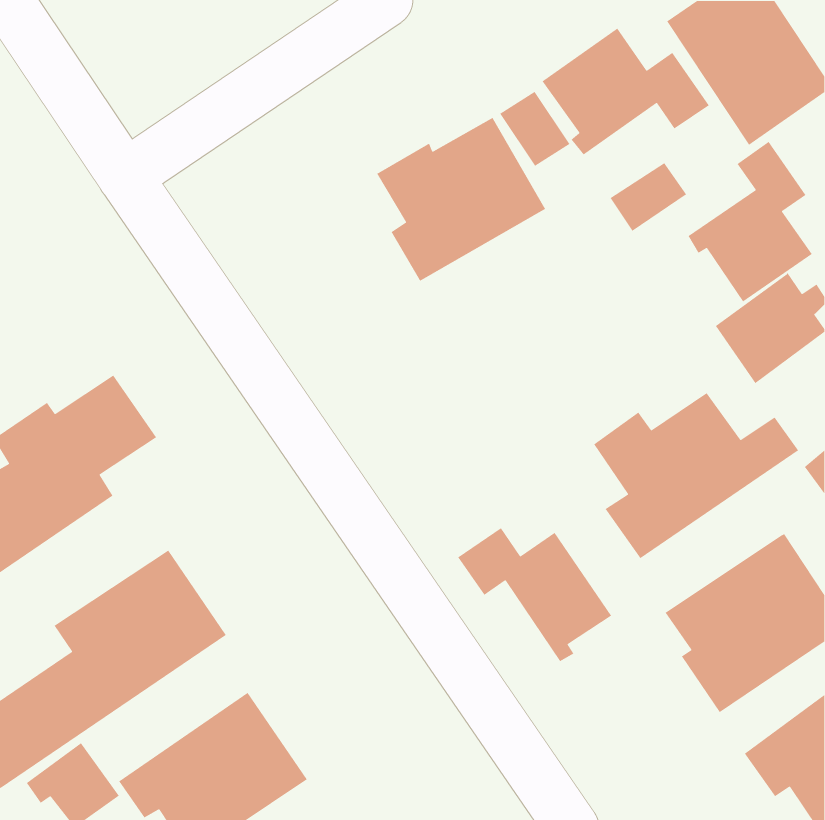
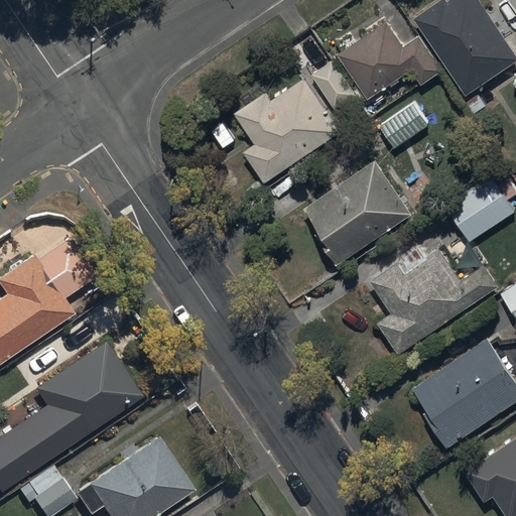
building: [687,141,813,302] -> none
building: none -> [306,158,411,265]
building: [457,527,612,662] -> none

